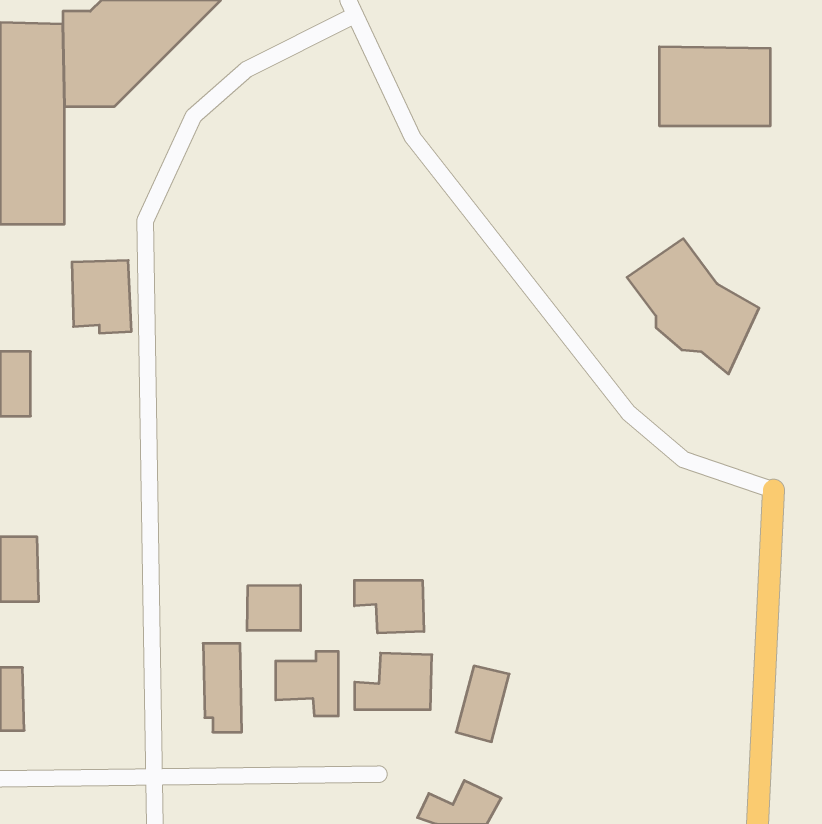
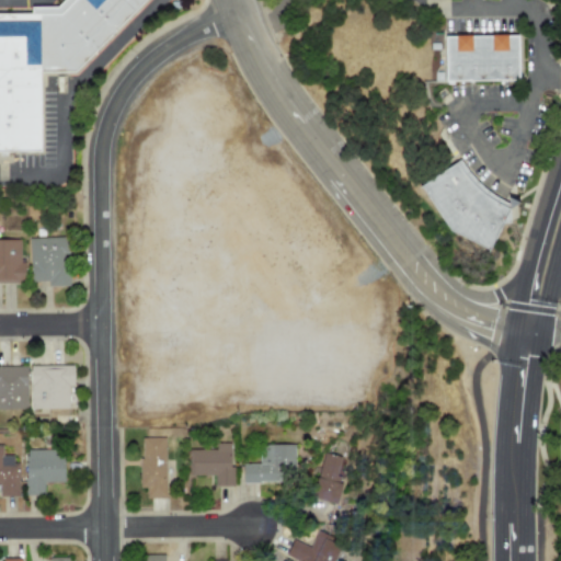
building: [72,260,131,333] -> [28,237,69,286]
building: none -> [30,365,73,409]
building: [354,580,424,633] -> none
building: [247,585,301,631] -> none
building: none -> [25,449,64,495]

